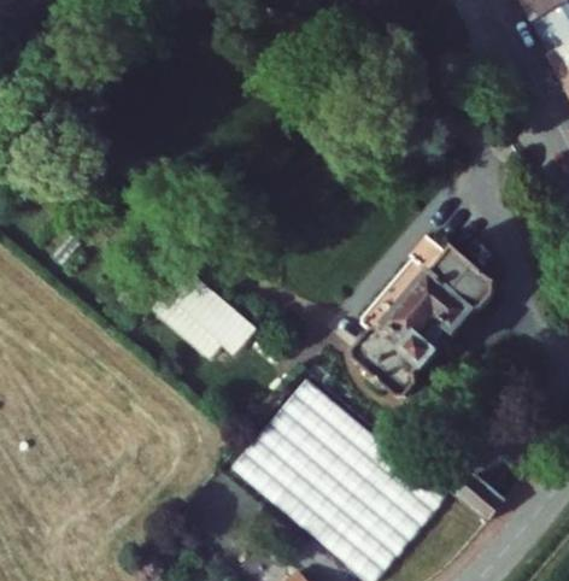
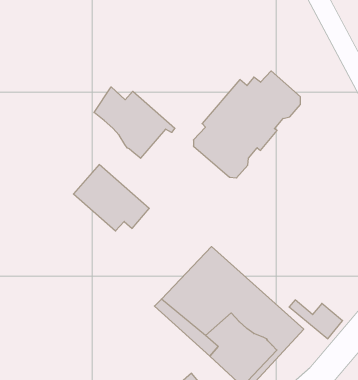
building: none -> [94,87,175,158]
building: [348,242,498,392] -> [193,71,300,178]

